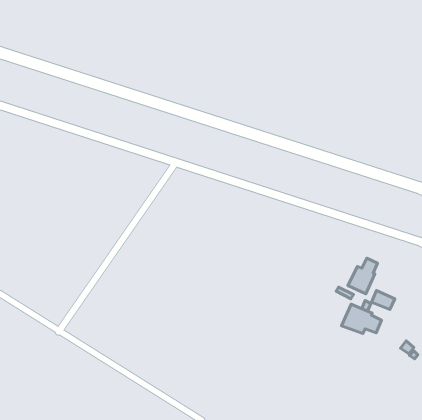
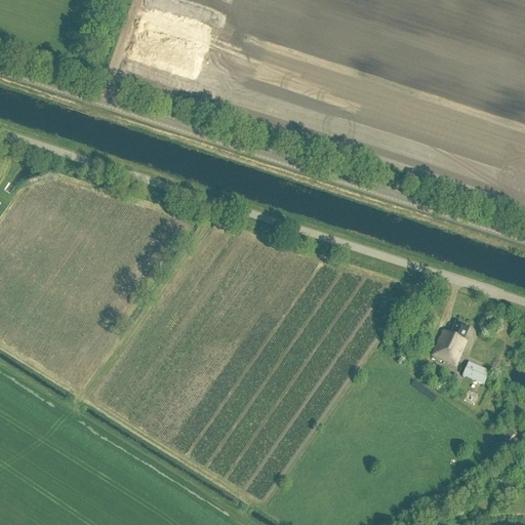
building: [342,304,382,334] -> none

